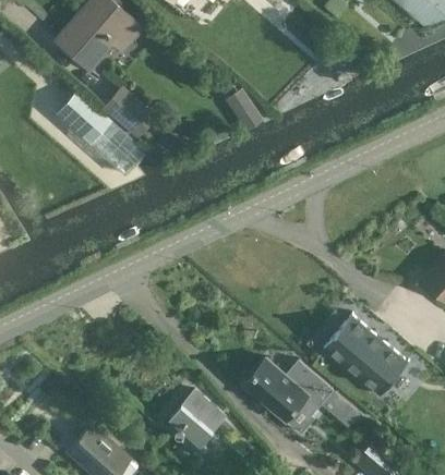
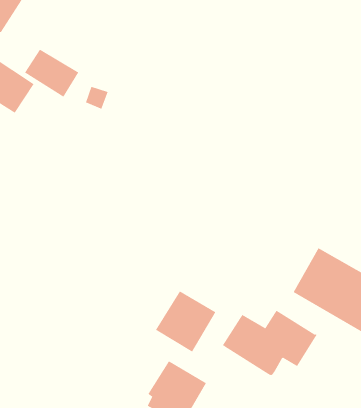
building: [225,88,263,132] -> none
building: [89,120,146,176] -> none
building: none -> [155,290,216,353]

